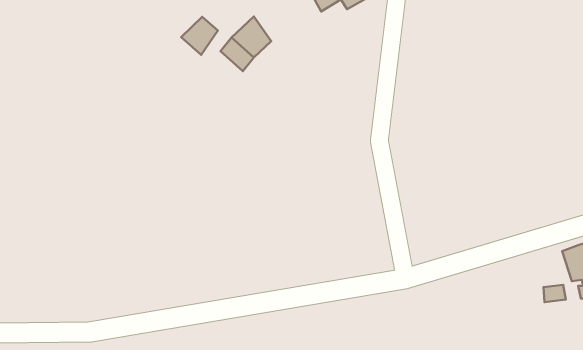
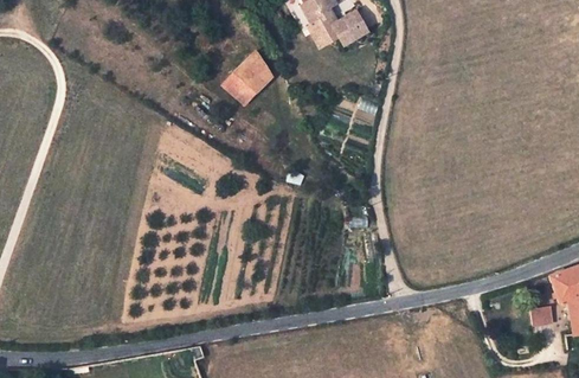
building: [181,17,218,55] -> none

